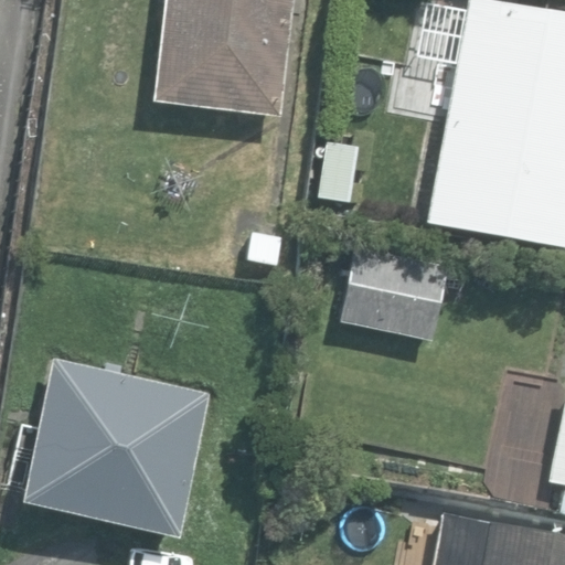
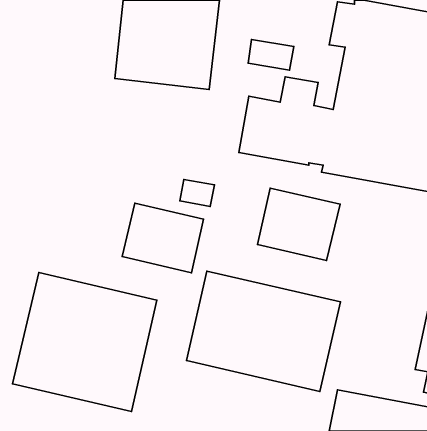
building: none -> [122,203,203,273]
building: none -> [187,271,341,392]

